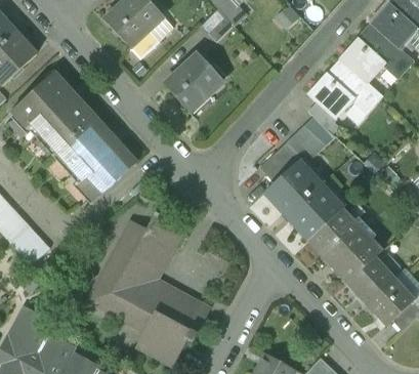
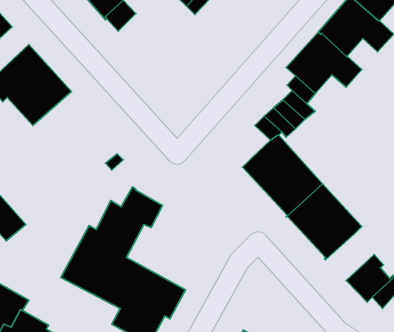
building: [164,53,221,109] -> none
building: [57,117,136,200] -> none
building: [259,151,292,182] -> none
building: [347,257,394,303] -> none

